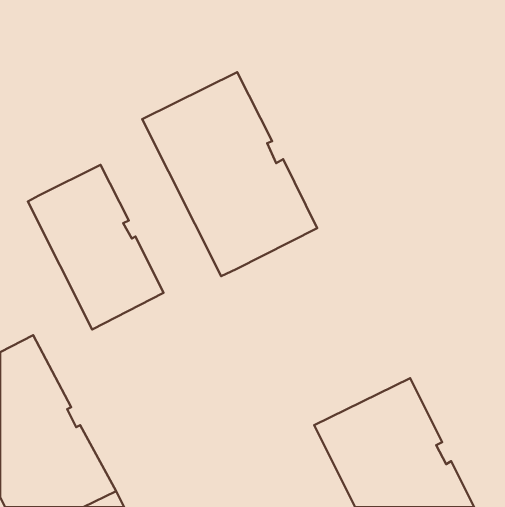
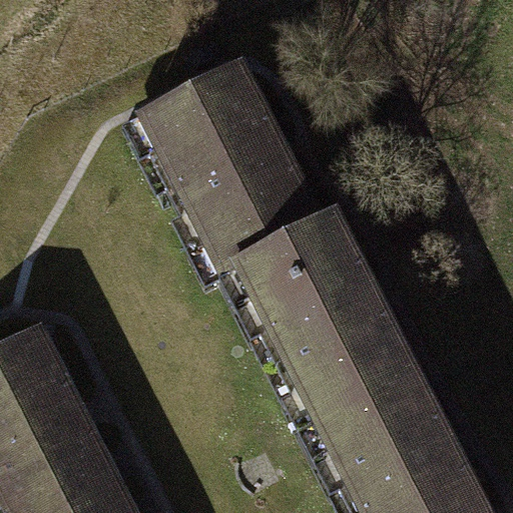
building: [28,165,164,329] -> none
building: none -> [242,222,417,426]

